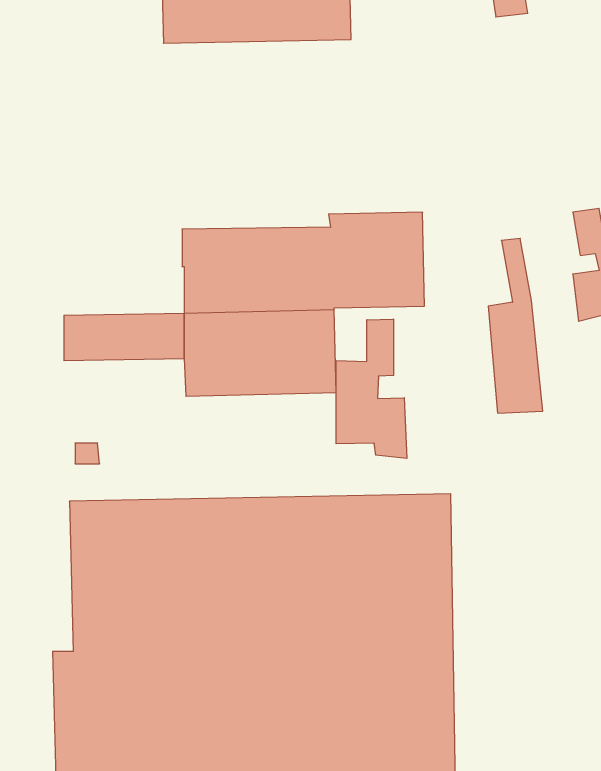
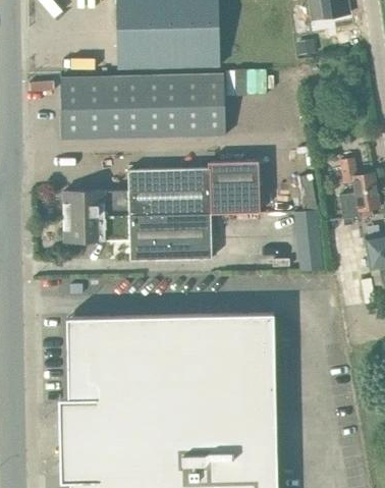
building: none -> [60,74,225,140]
building: none -> [62,191,128,217]
building: [336,319,407,458] -> none

